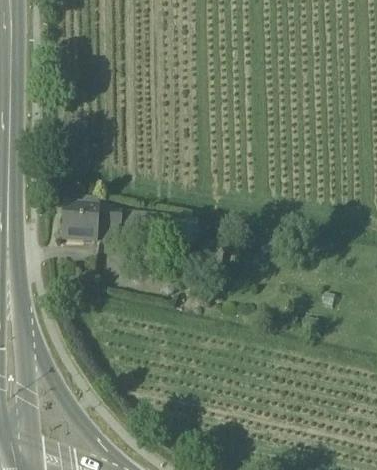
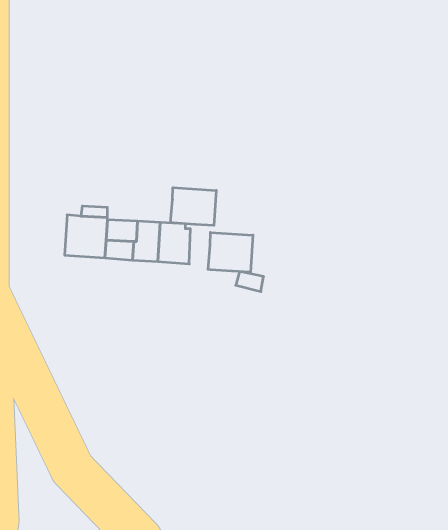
building: none -> [171,188,216,225]
building: none -> [208,232,253,272]

